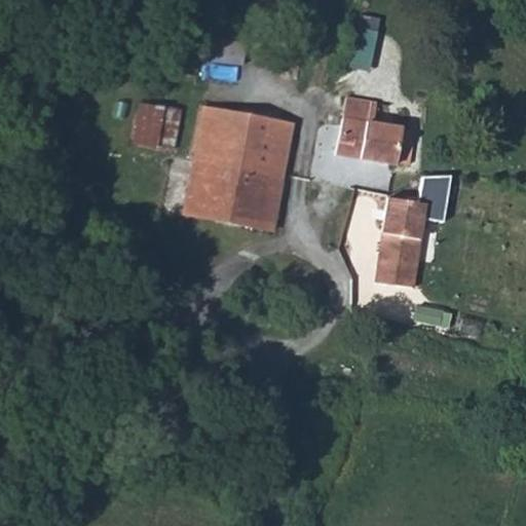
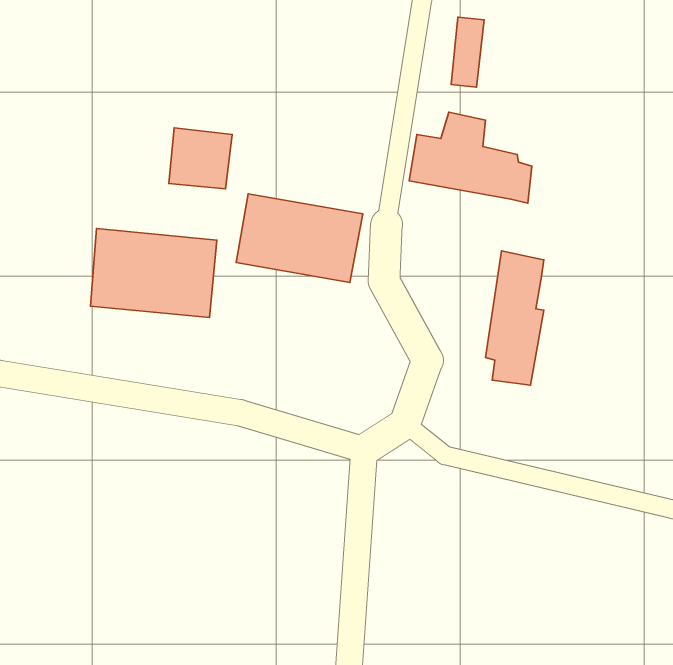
building: [193,103,293,174] -> none
building: [418,182,450,226] -> none
building: none -> [90,229,217,317]

